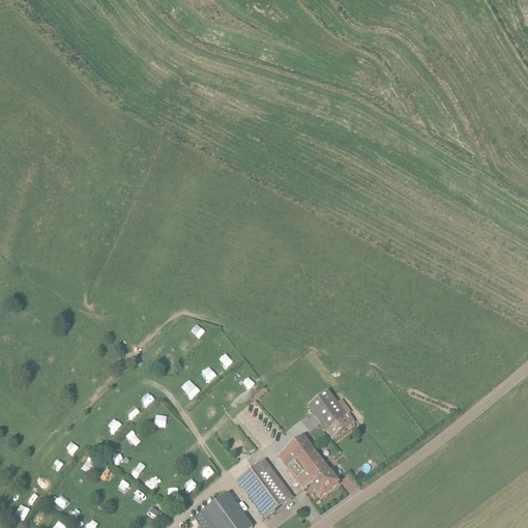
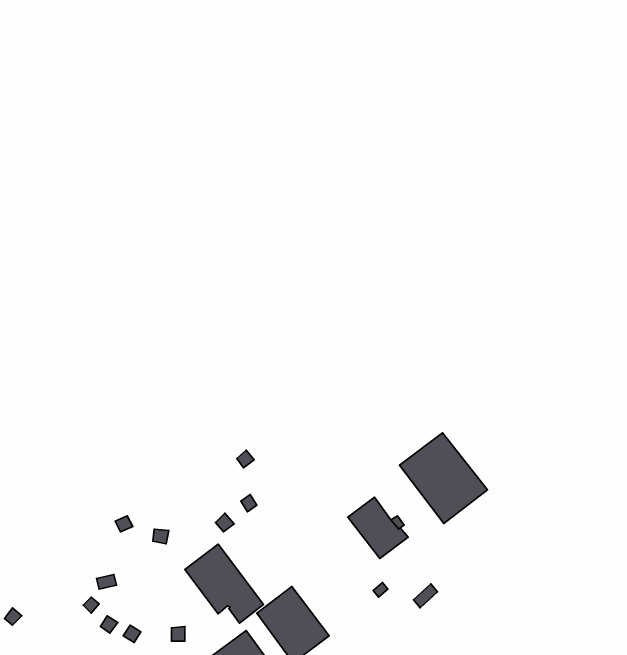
building: none -> [399,433,487,524]
building: [276,435,338,496] -> [185,544,264,623]

